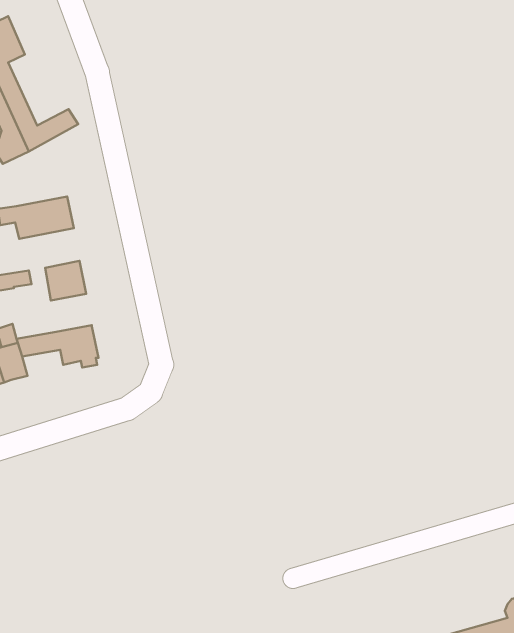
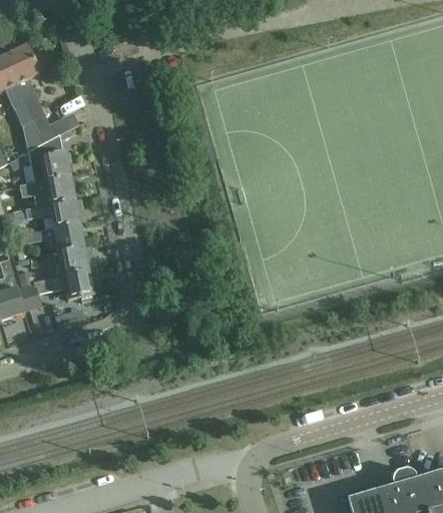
building: none -> [27,134,70,183]
building: none -> [25,199,79,228]
building: none -> [46,247,88,276]

